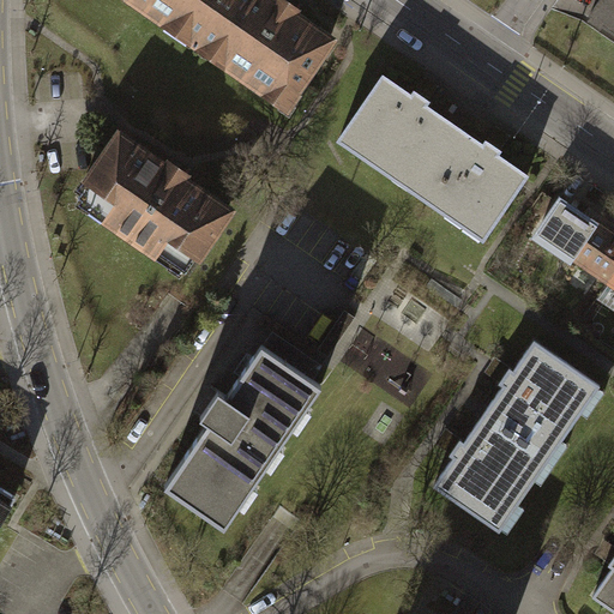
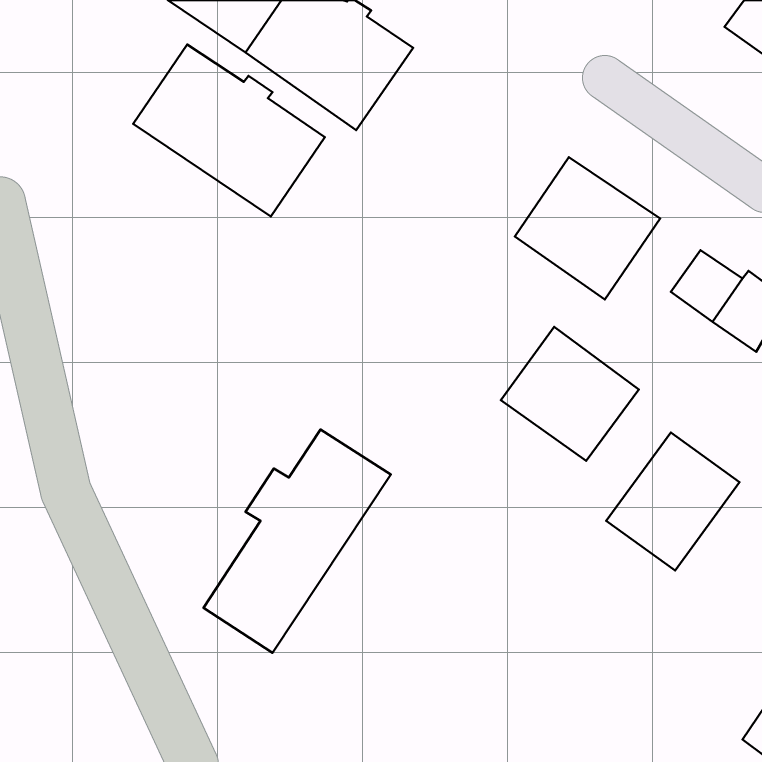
building: [342,80,458,192] -> none
building: [79,137,233,275] -> [133,44,325,217]
building: none -> [501,327,639,461]
building: [437,420,543,531] -> none

